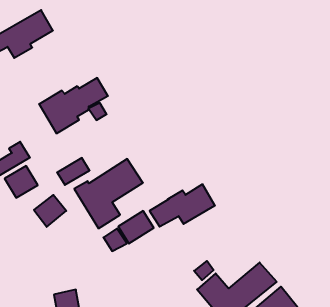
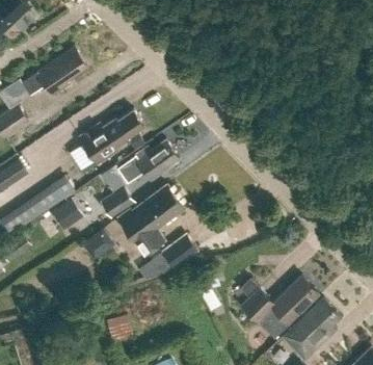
building: [150,184,215,227] -> [117,140,180,184]

